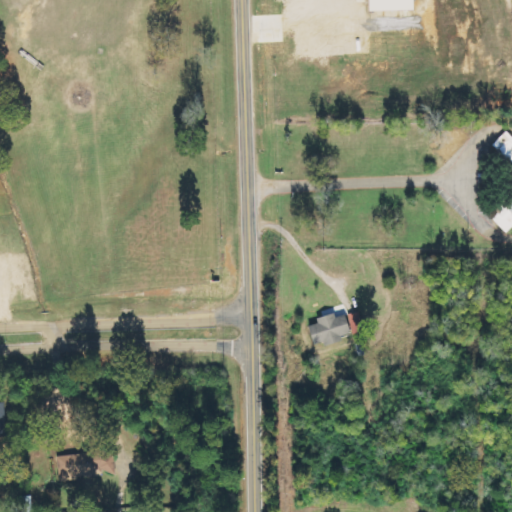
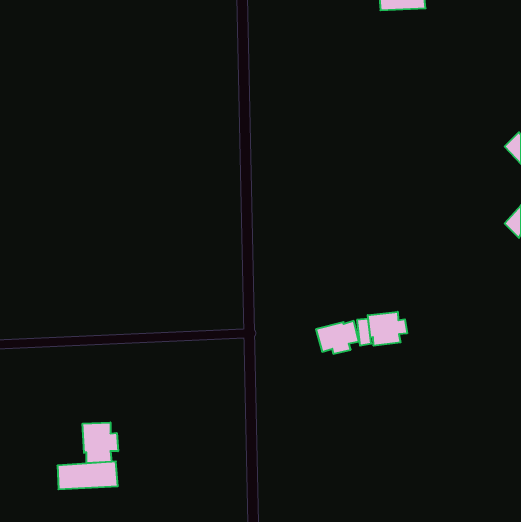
building: none -> [368,312,407,346]
building: none -> [83,422,118,463]

